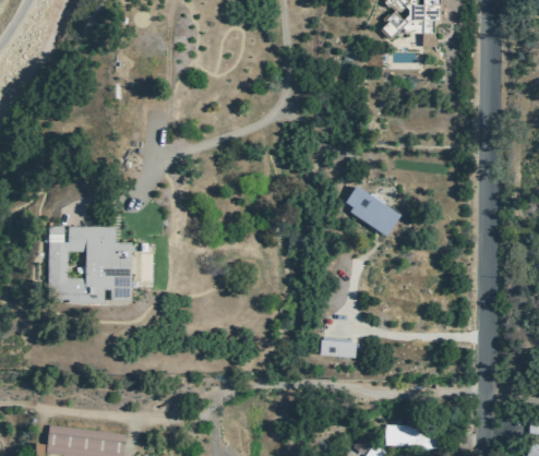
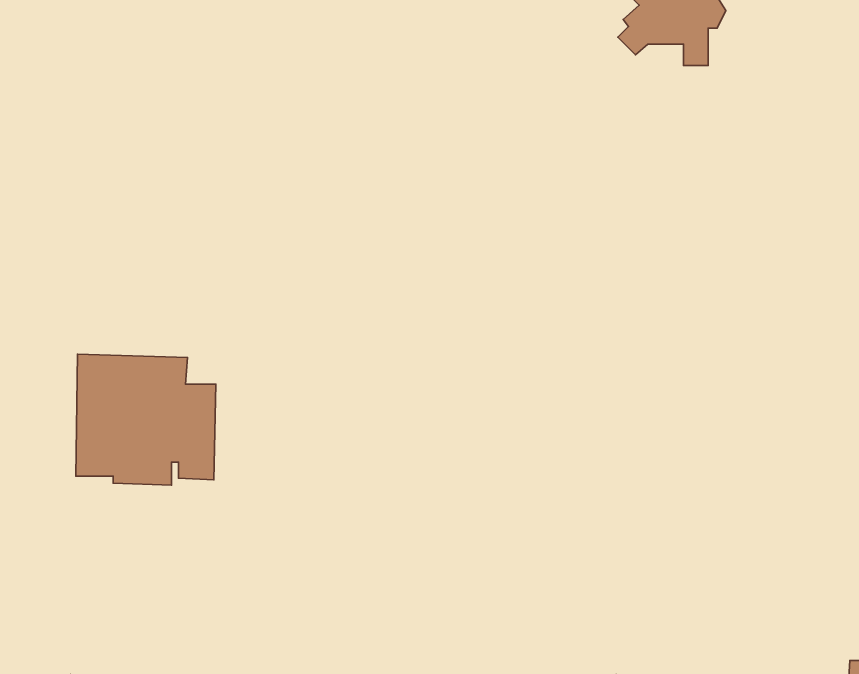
building: [348,187,406,239] -> none
building: [323,340,361,361] -> none

